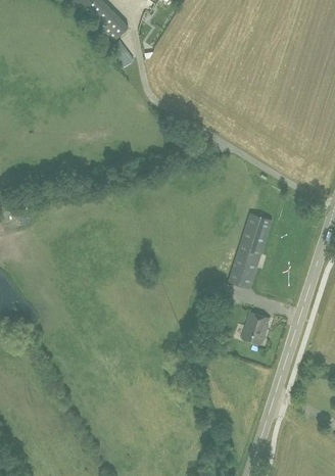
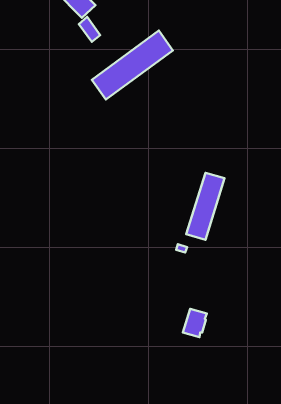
building: none -> [92,30,173,100]
building: [241,311,268,342] -> [183,309,207,337]

